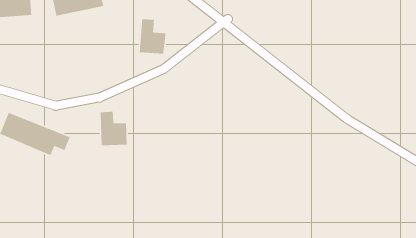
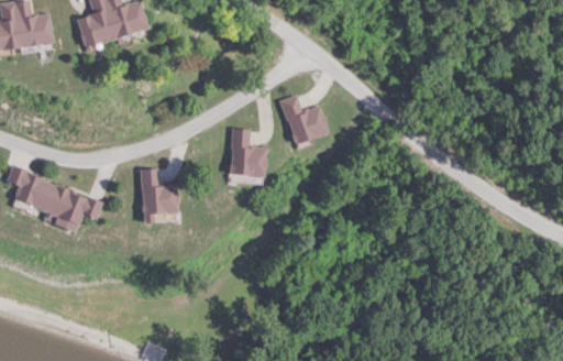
building: [139,18,166,54] -> [230,129,266,176]
building: none -> [282,97,328,143]

